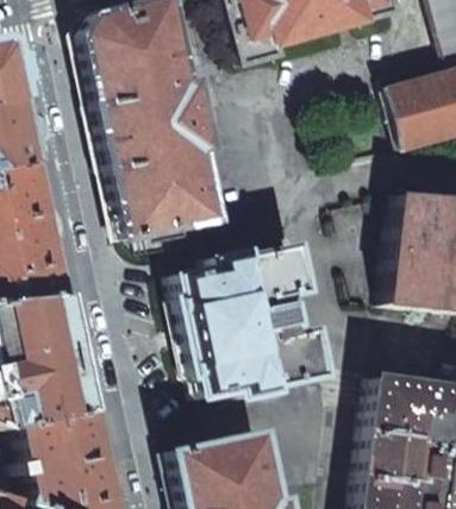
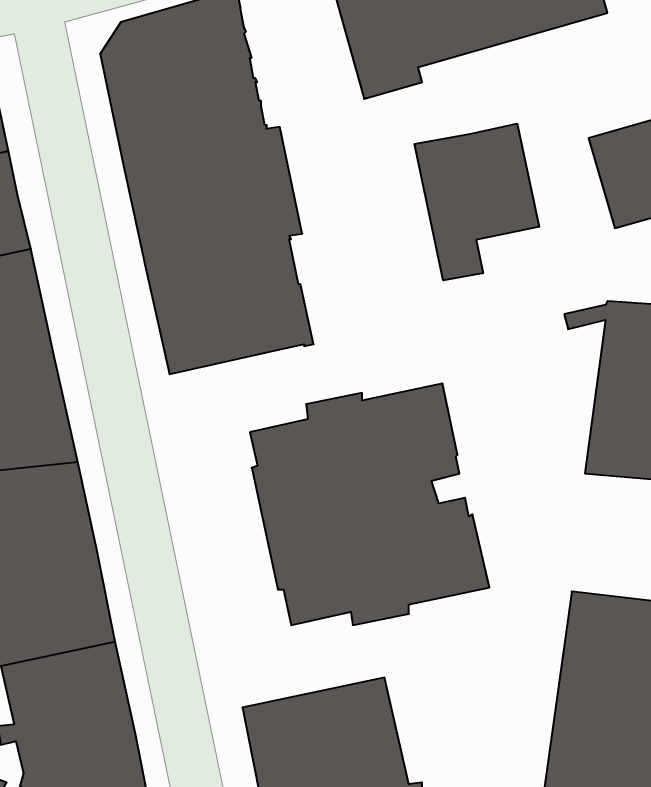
building: none -> [414,124,539,280]

